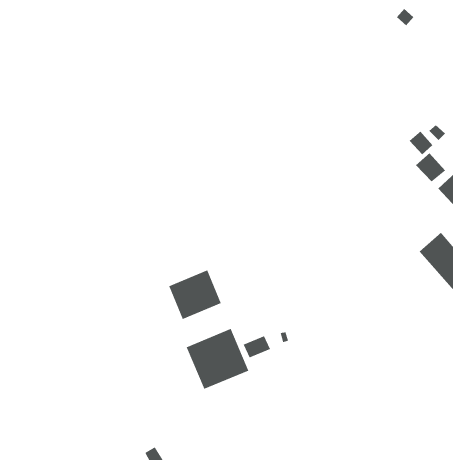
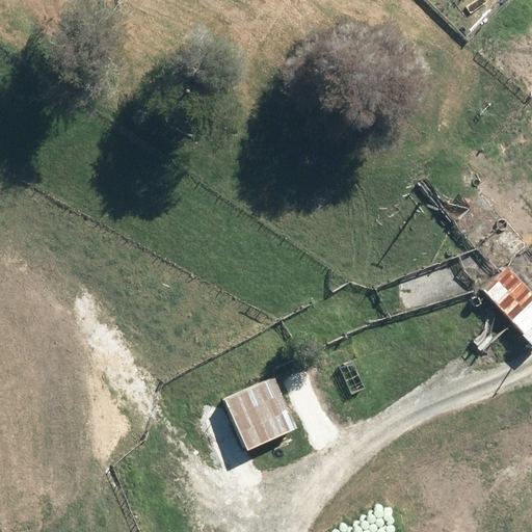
building: [168,270,222,320] -> none

